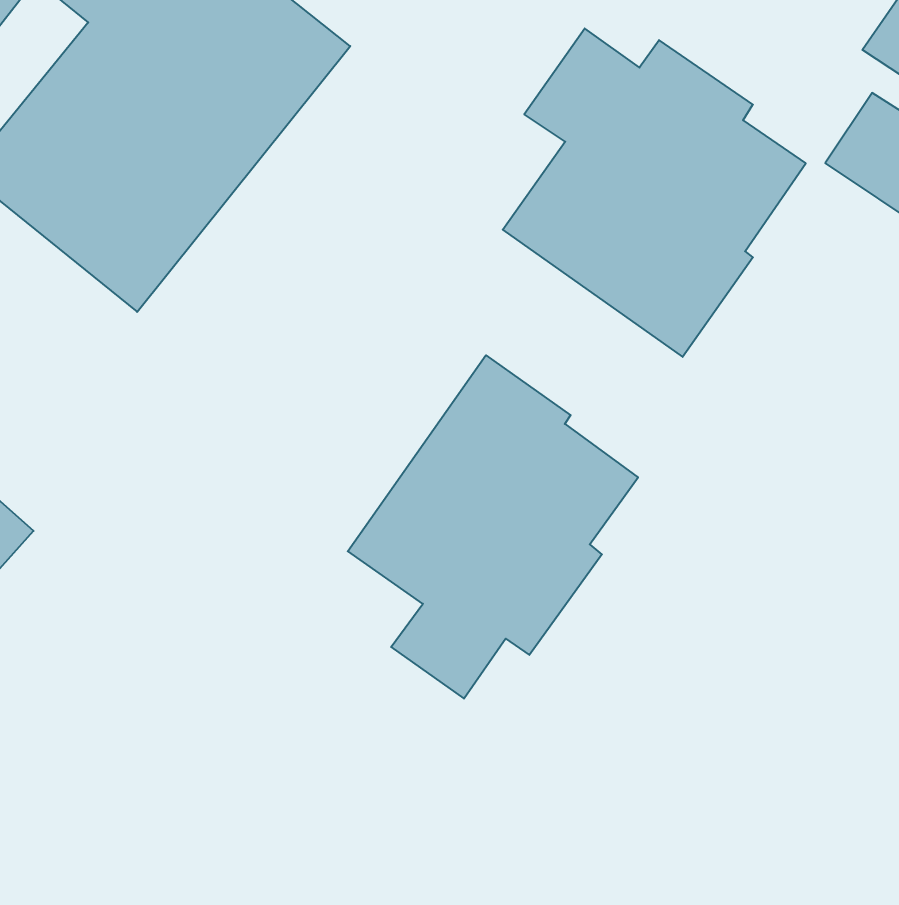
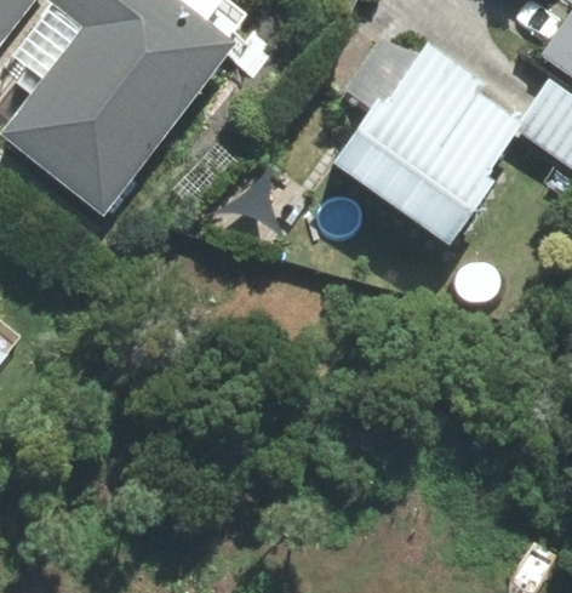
building: [348,355,638,699] -> none

